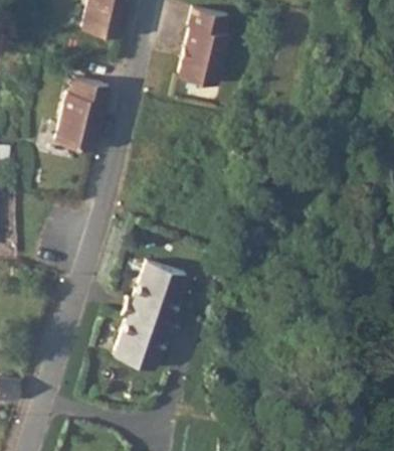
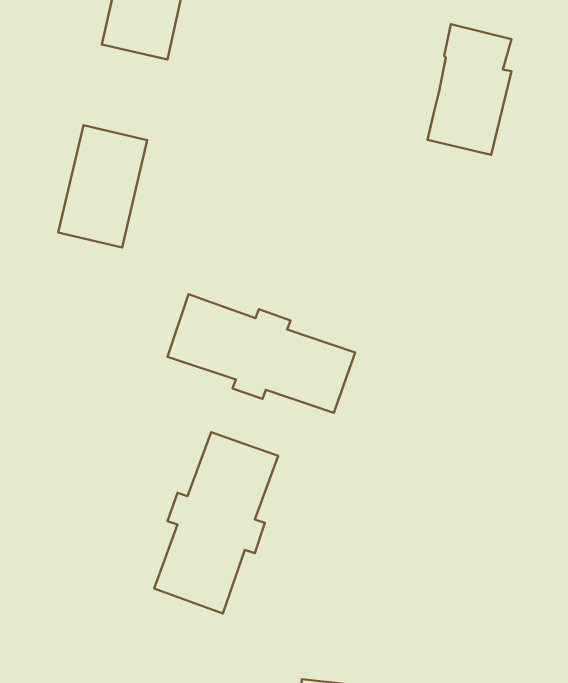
building: [180,12,230,91] -> [427,24,511,155]
building: none -> [168,294,355,413]

